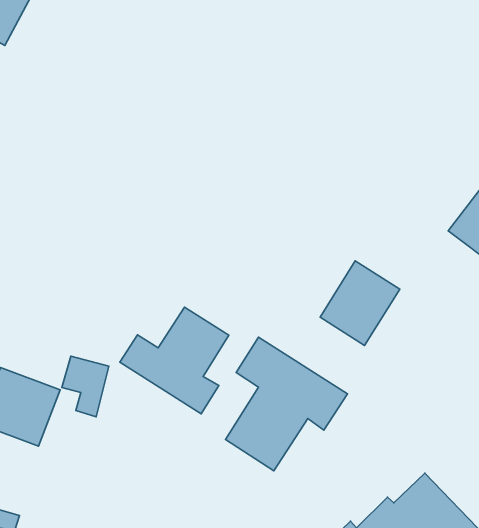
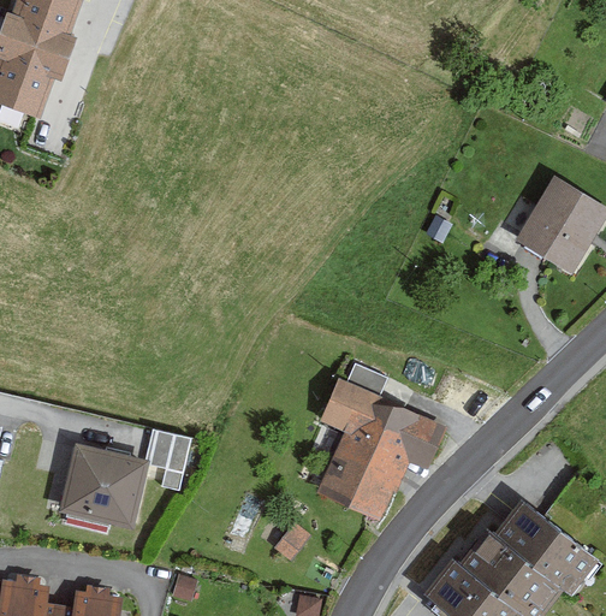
building: [320,261,400,345] -> none
building: [120,307,229,414] -> none

